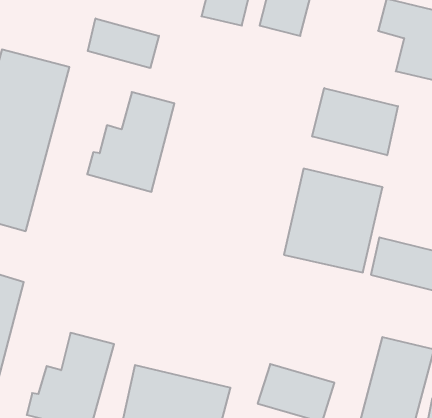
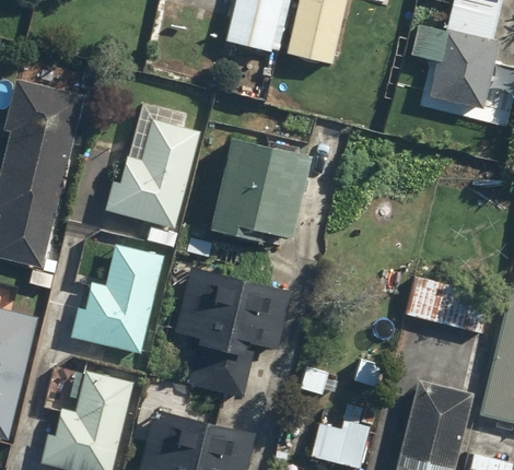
building: [88,18,159,68] -> none
building: [312,88,398,155] -> none
building: [284,169,383,272] -> [208,138,312,247]
building: none -> [70,246,163,351]
building: none -> [176,269,291,399]

